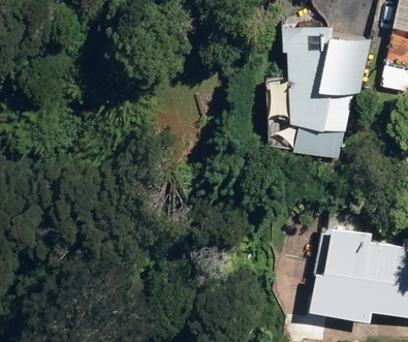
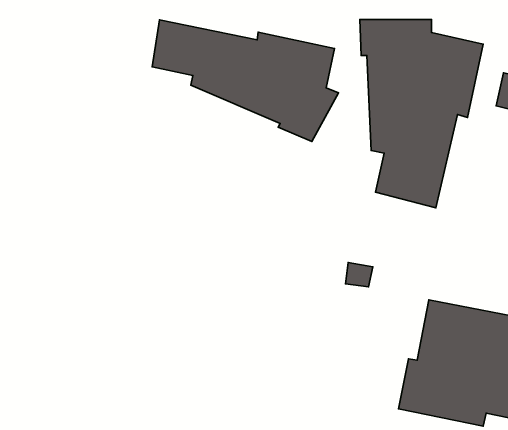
building: none -> [152,20,339,142]

